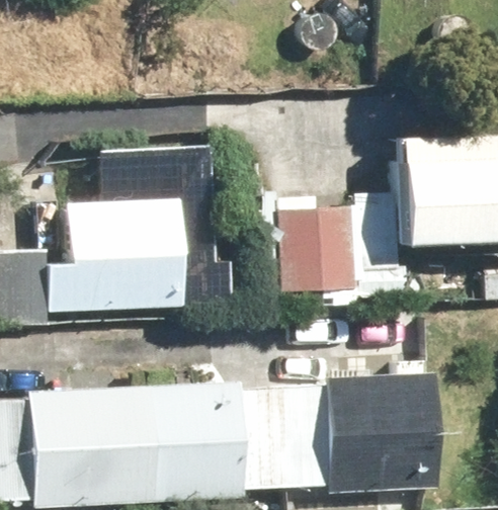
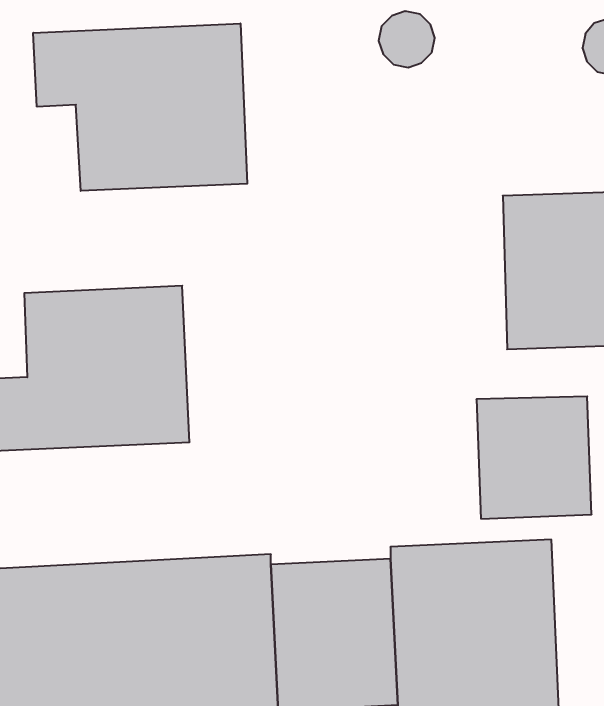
building: none -> [33,23,247,191]
building: [283,206,362,290] -> [476,396,592,519]

